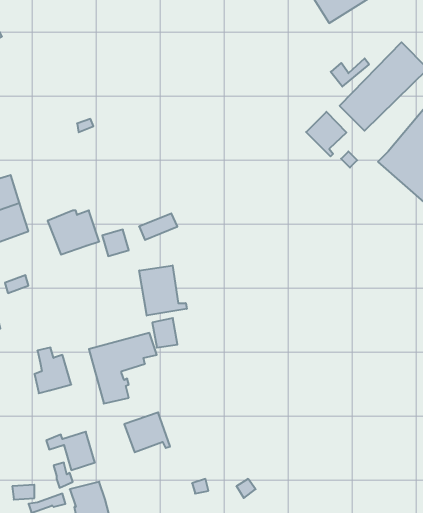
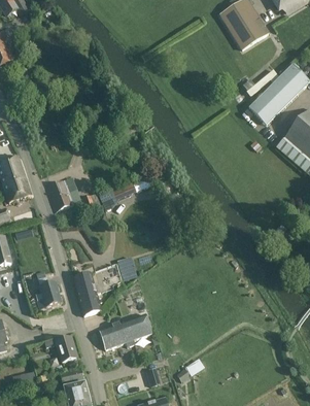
building: [306,112,346,156] -> none
building: [139,265,187,316] -> none
building: none -> [122,314,151,345]

